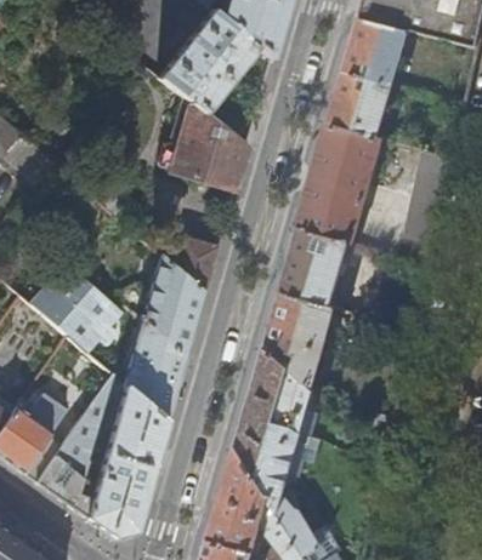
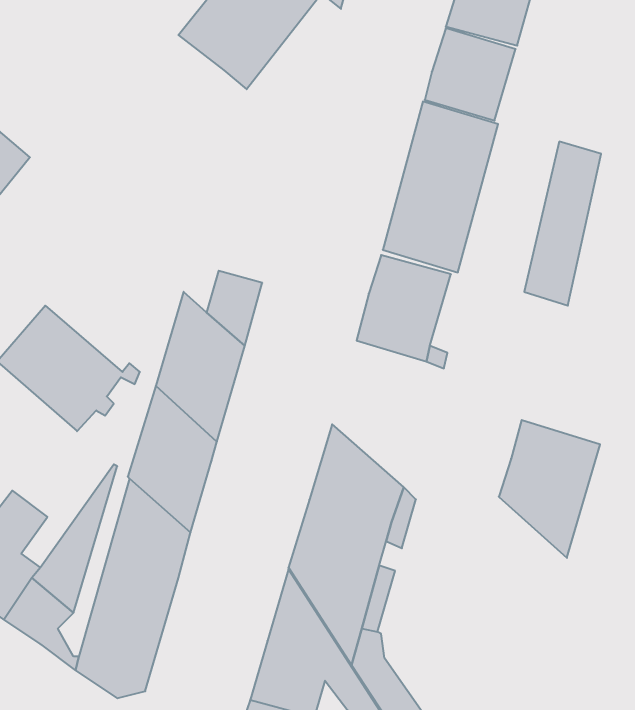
building: [157,99,246,190] -> none
building: [265,290,335,385] -> [499,420,600,558]

